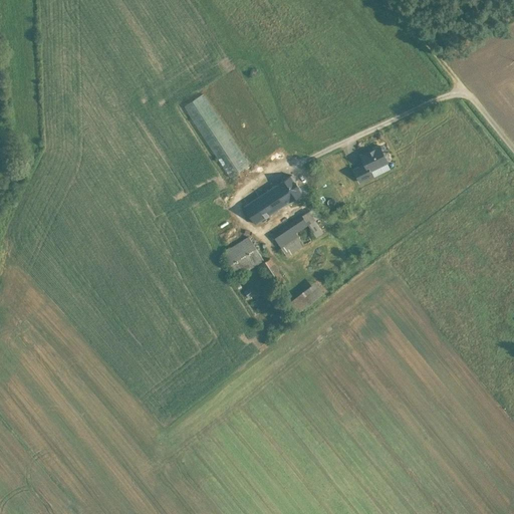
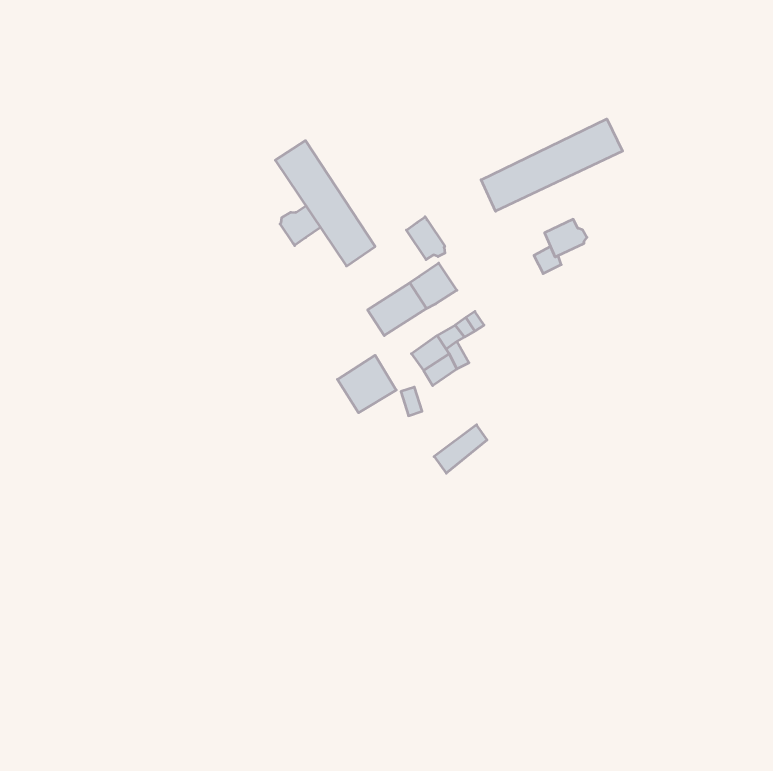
building: none -> [481,119,623,211]
building: none -> [280,206,320,246]
building: none -> [406,217,445,260]

